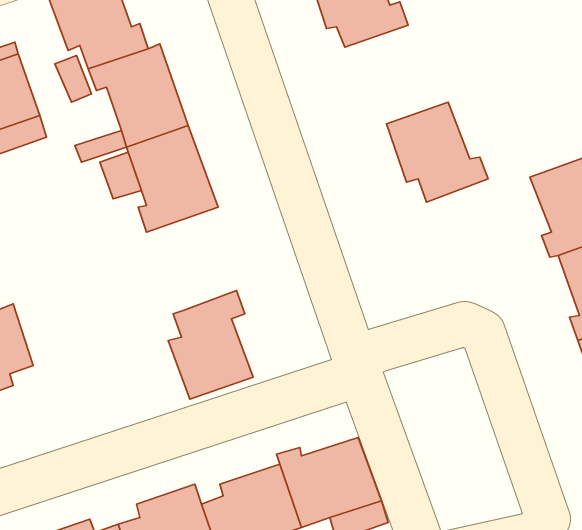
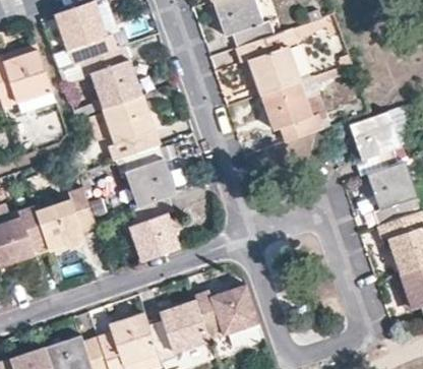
building: none -> [236,27,299,94]
building: none -> [115,144,175,207]
building: none -> [37,189,96,248]

